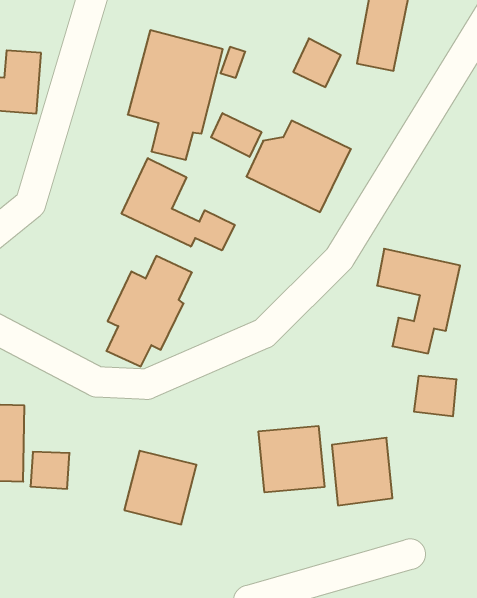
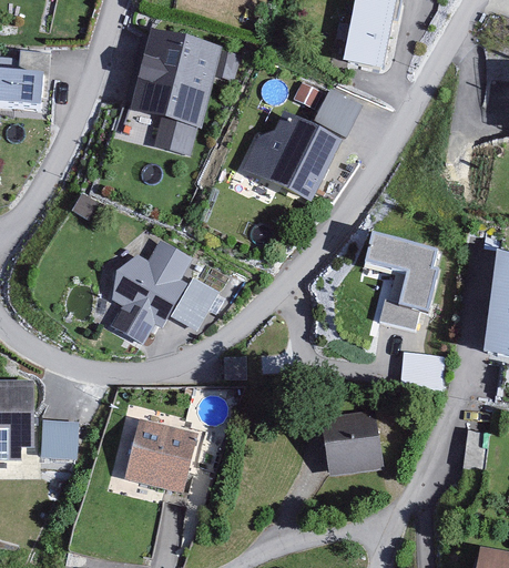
building: [293,38,341,87] -> [313,89,357,134]
building: [211,113,261,157] -> none
building: [122,158,235,250] -> none
building: none -> [171,280,212,328]
building: [259,426,324,492] -> none

